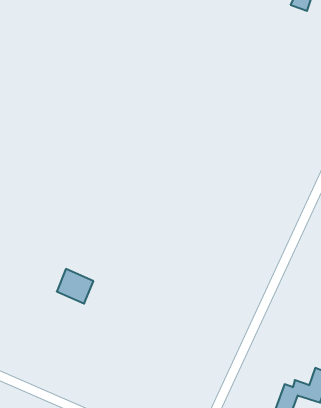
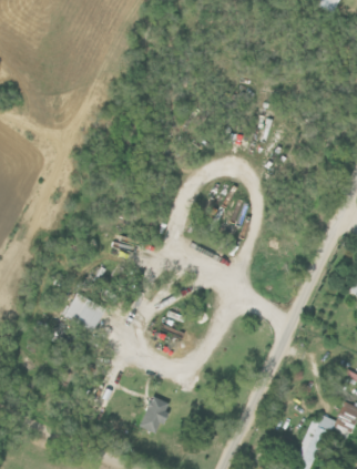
building: none -> [139,397,169,435]

